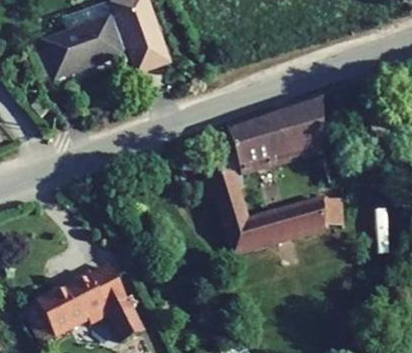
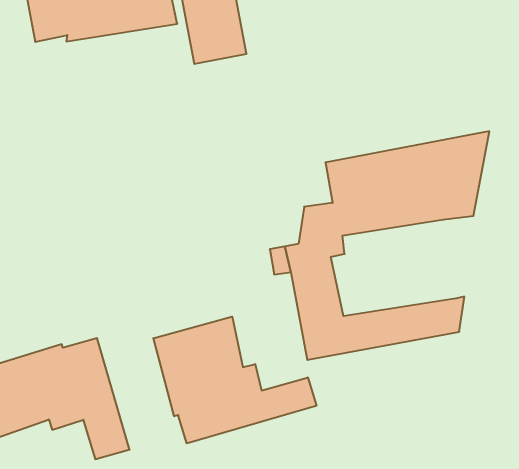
building: none -> [153,317,316,443]

